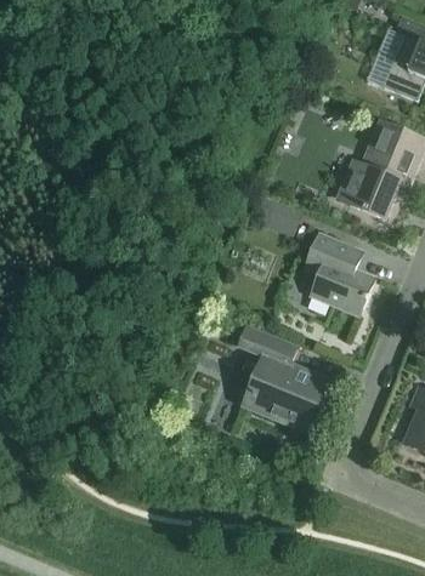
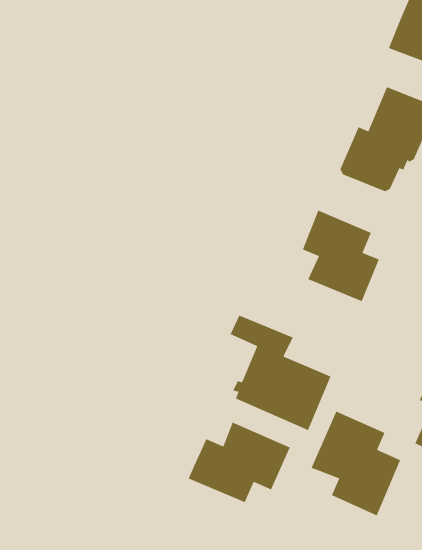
building: none -> [311,411,401,516]
building: none -> [187,421,291,503]

